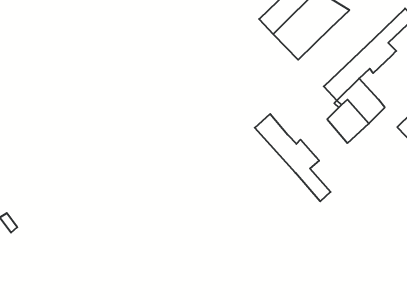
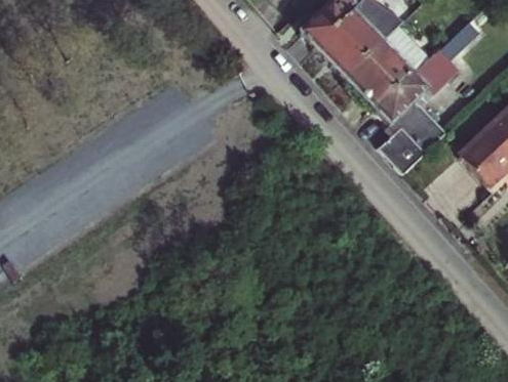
building: none -> [347,36,435,105]
building: [255,114,331,201] -> none

